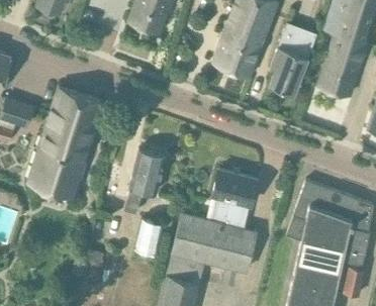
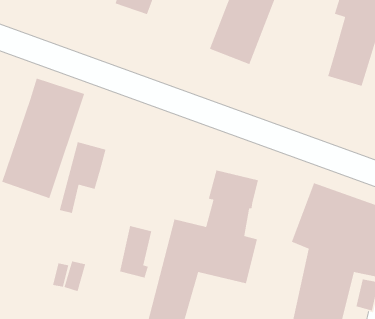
building: [269,25,316,96] -> none
building: [122,151,165,216] -> [59,141,107,214]

